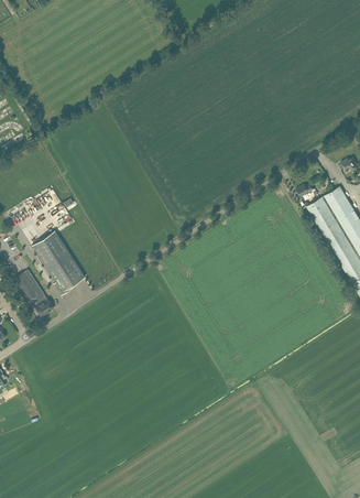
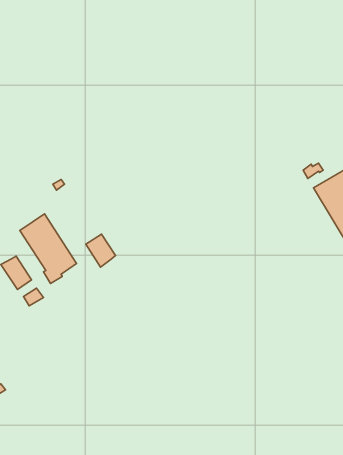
building: none -> [86,234,116,267]

